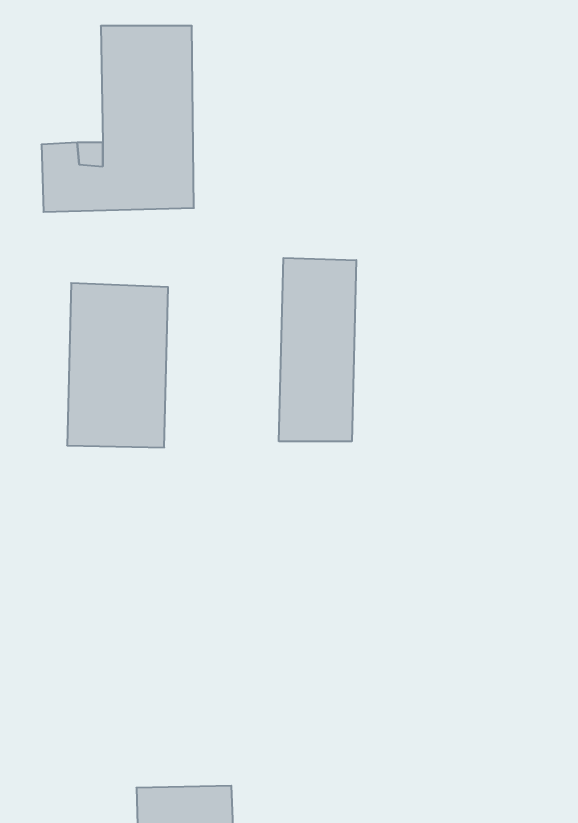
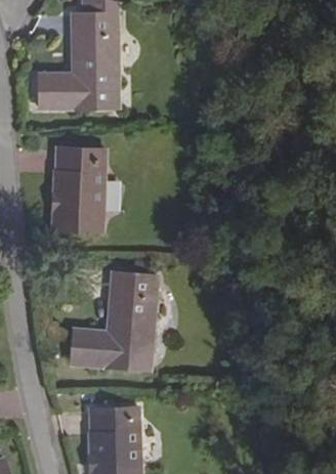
building: [279,258,356,441] -> none
building: none -> [71,272,158,371]

